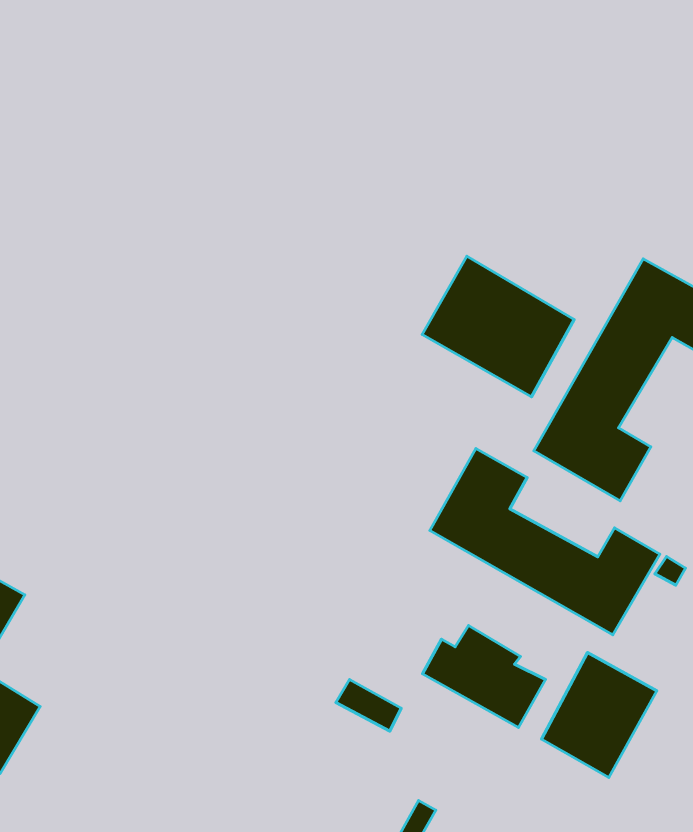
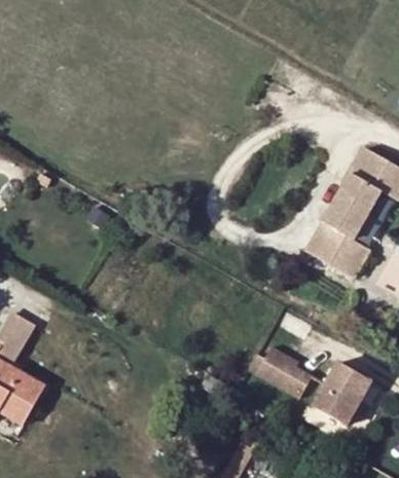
building: [422,256,574,397] -> none
building: [430,448,660,635] -> none

